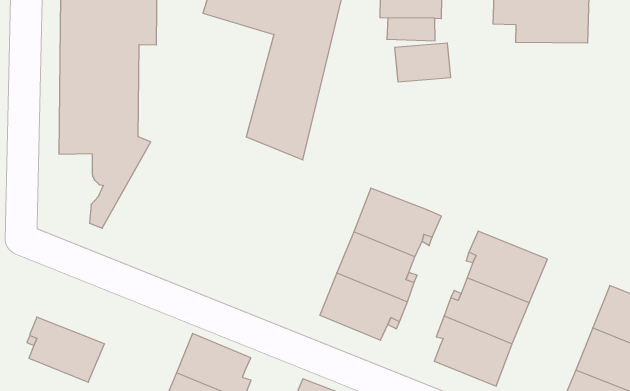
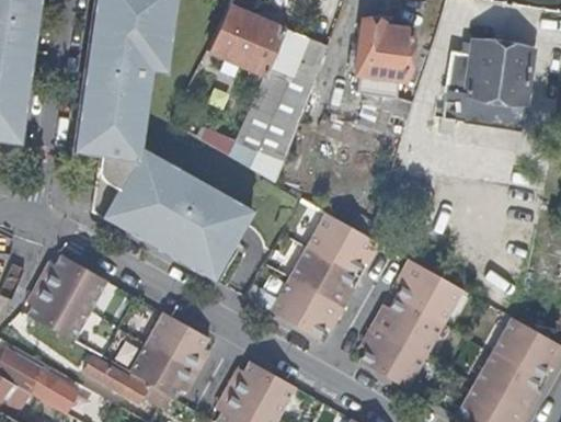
building: none -> [102,150,254,280]
building: none -> [38,254,107,311]

